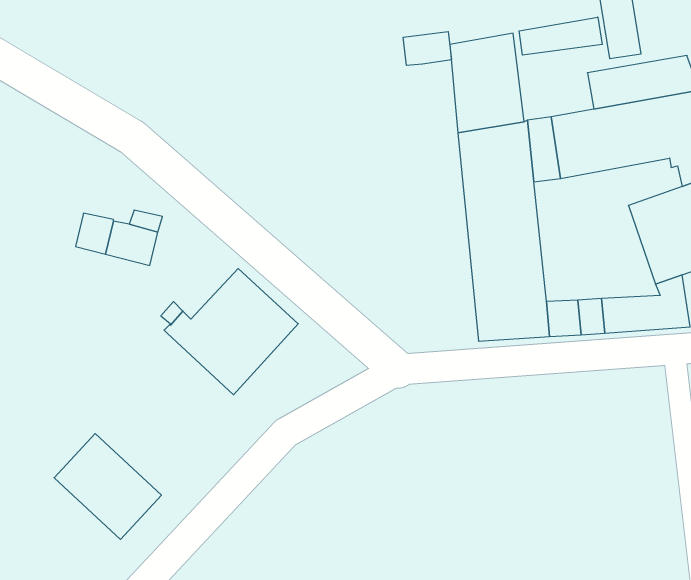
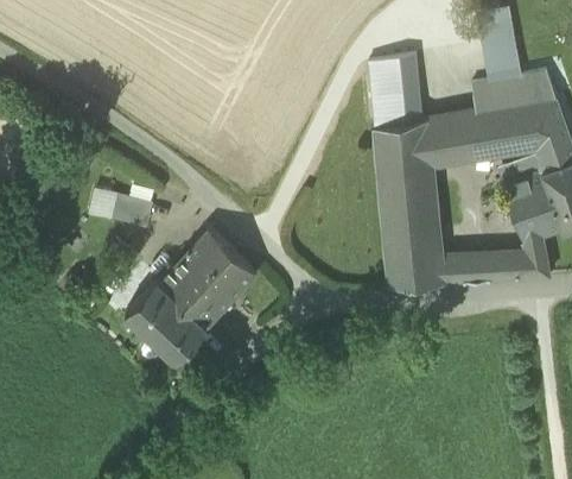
building: [519,17,602,55] -> none
building: [403,32,451,65] -> none
building: [54,434,161,539] -> [126,279,206,359]

